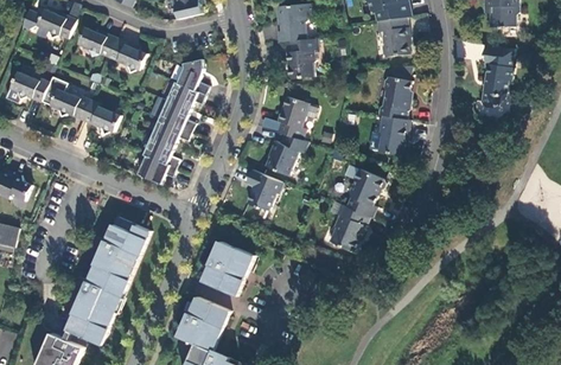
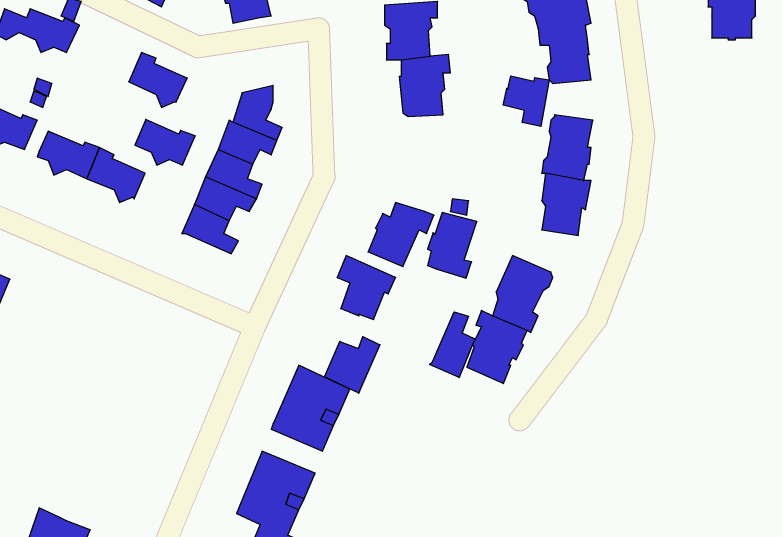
building: [78,26,117,56] -> [135,119,195,165]
building: [479,45,512,108] -> none
building: none -> [503,76,549,126]
building: [276,97,308,140] -> [428,212,477,278]
building: [138,154,176,182] -> none
building: none -> [430,312,475,378]
building: [68,216,151,345] -> none
building: none -> [324,337,380,393]

